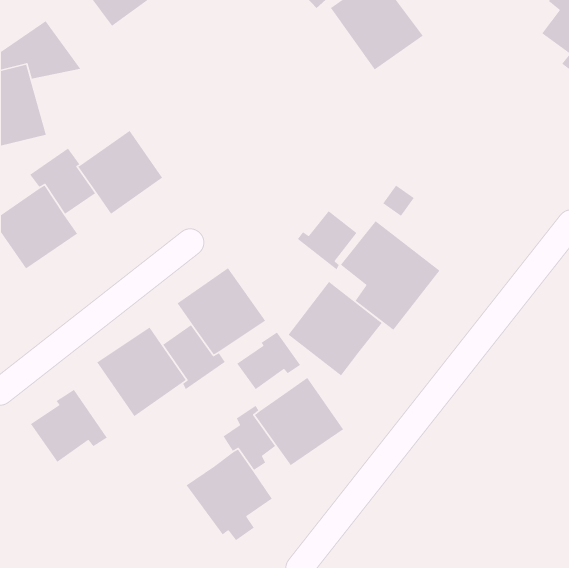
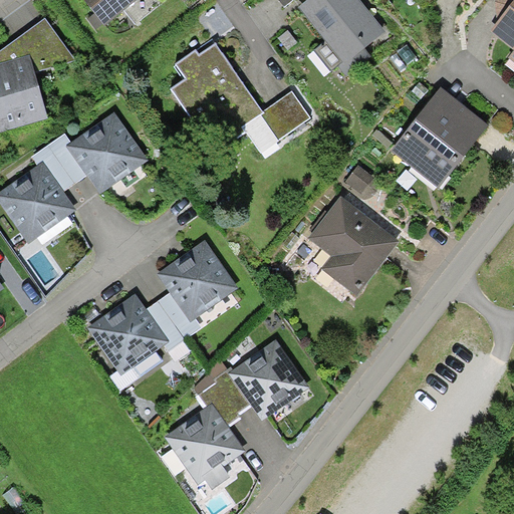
building: none -> [171,42,315,155]
building: none -> [388,87,487,189]
building: [297,210,357,271] -> none
building: [287,281,383,377] -> none
building: [236,331,301,390] -> none
building: [30,389,108,463] -> none

